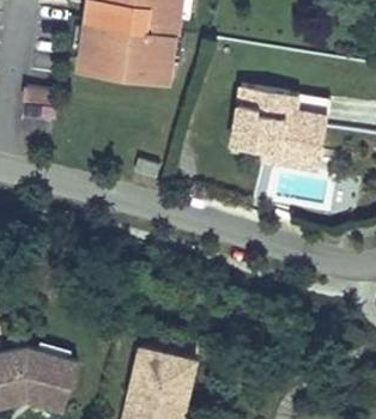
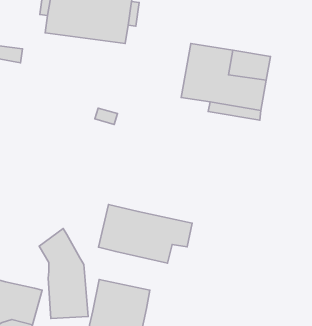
building: none -> [98,205,192,263]
building: none -> [39,229,88,318]

